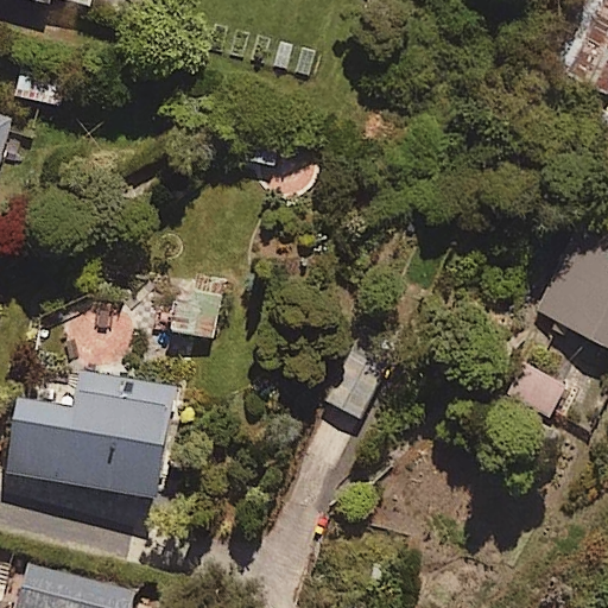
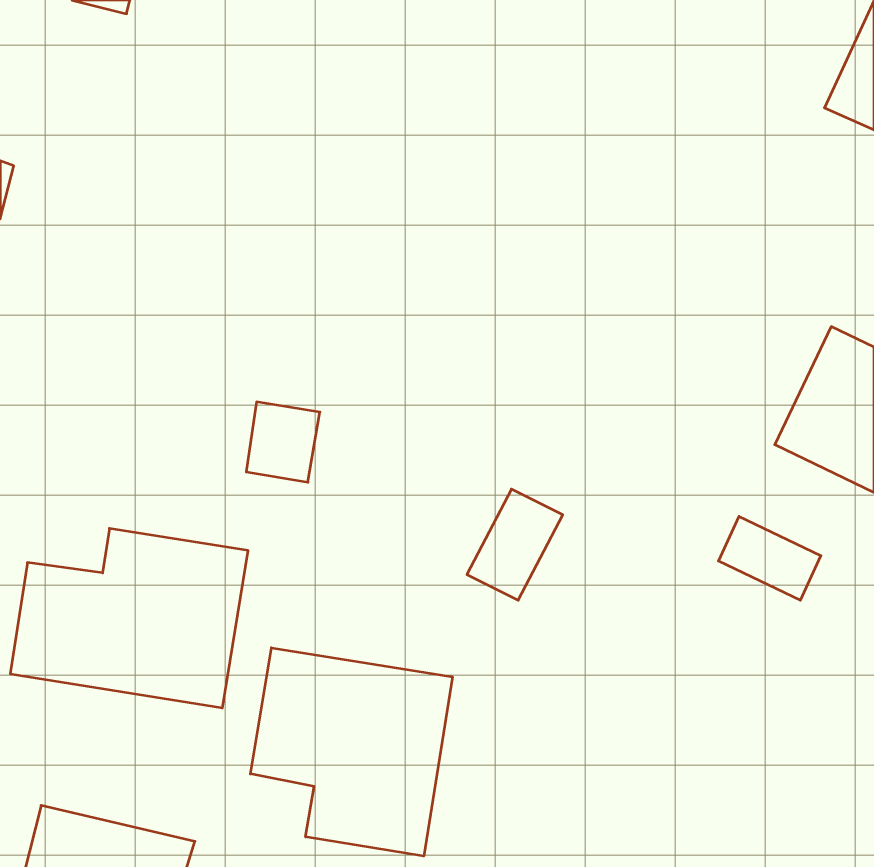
building: none -> [250,648,452,856]

